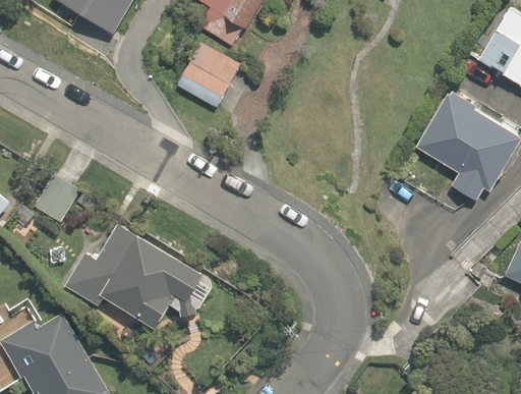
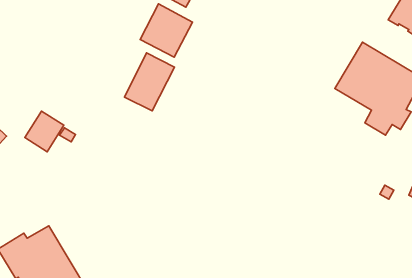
building: none -> [124,53,174,111]
building: [64,223,211,329] -> none

